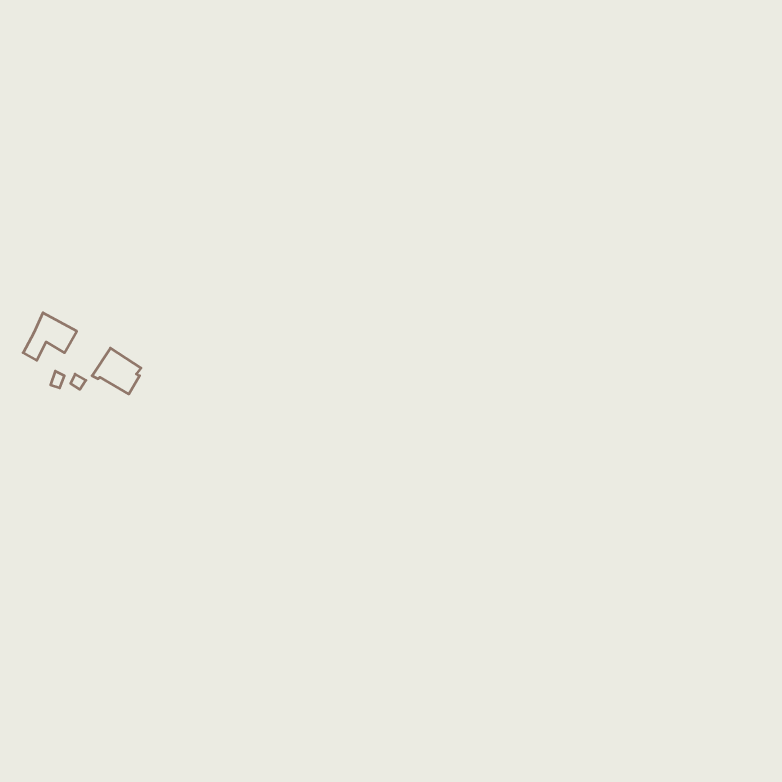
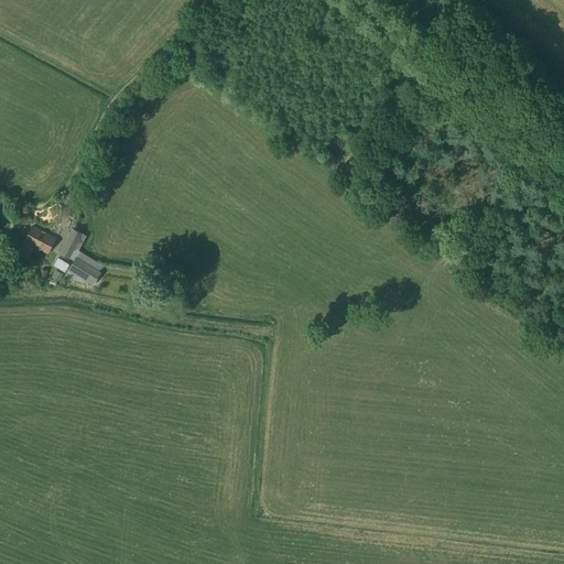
building: none -> [58,227,86,260]

